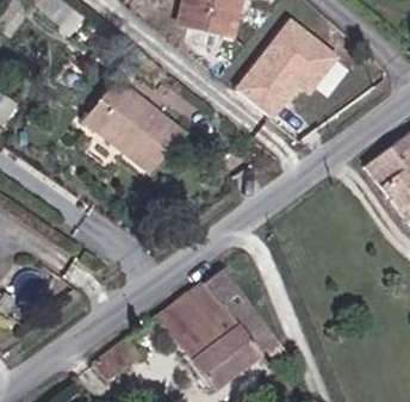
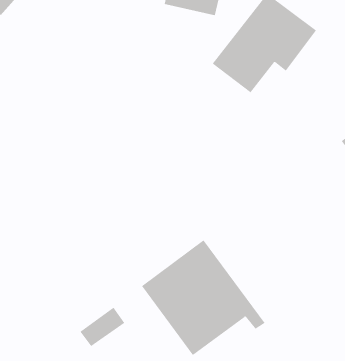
building: [83,80,184,174] -> none

